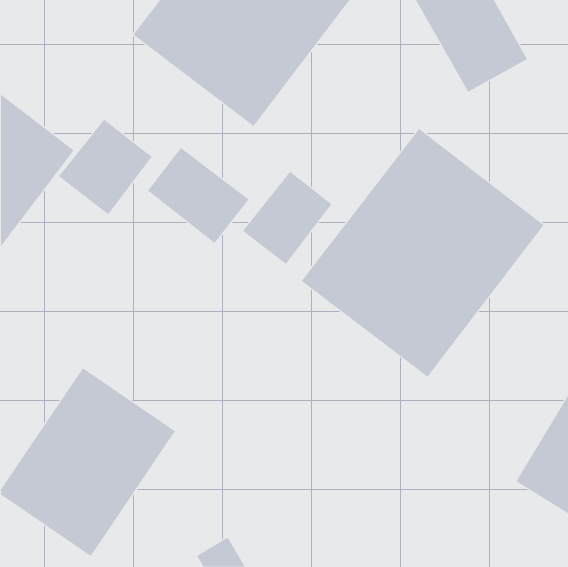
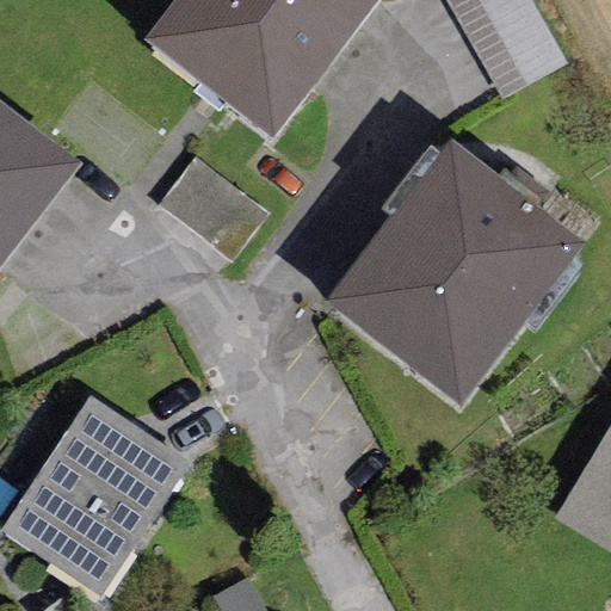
building: [58,119,153,215] -> none
building: [242,171,332,265] -> none

